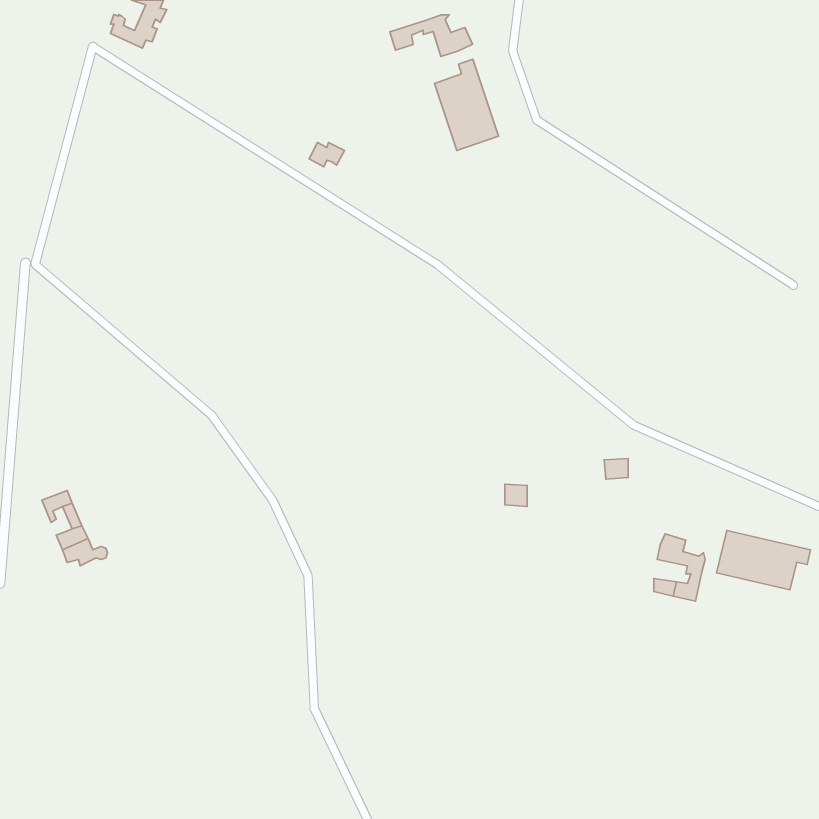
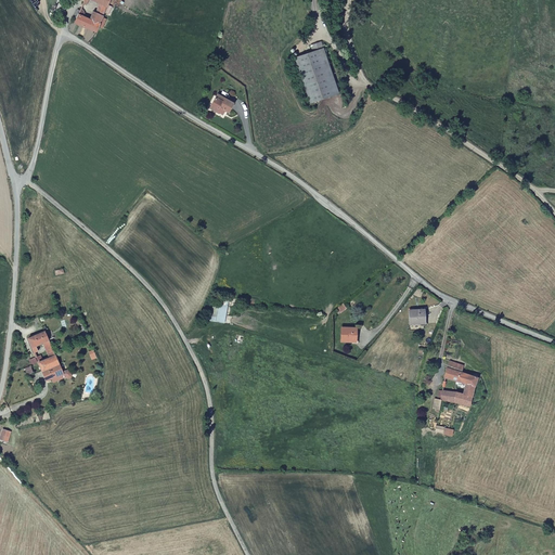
building: [390,15,472,57] -> none
building: [717,530,811,590] -> none

